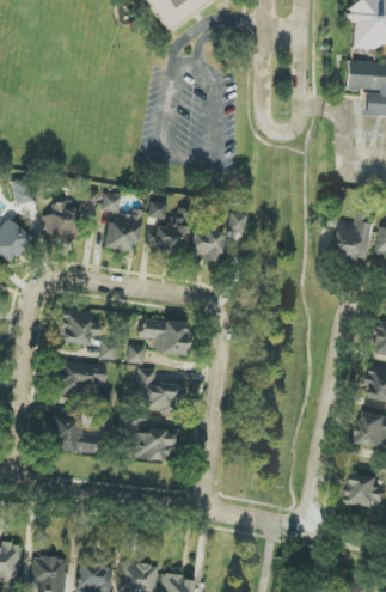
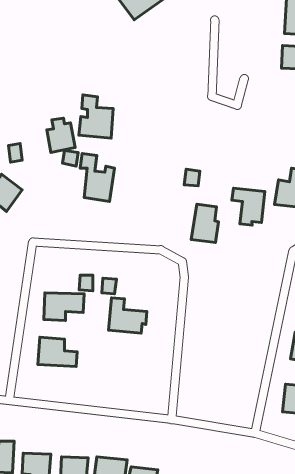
building: [45,201,80,243] -> [47,118,75,152]
building: [146,201,188,254] -> [79,95,113,138]
building: [190,214,223,261] -> [191,204,219,242]
building: none -> [232,188,265,225]
building: [61,310,97,343] -> none
building: [141,319,186,355] -> none
building: [134,429,176,460] -> none

